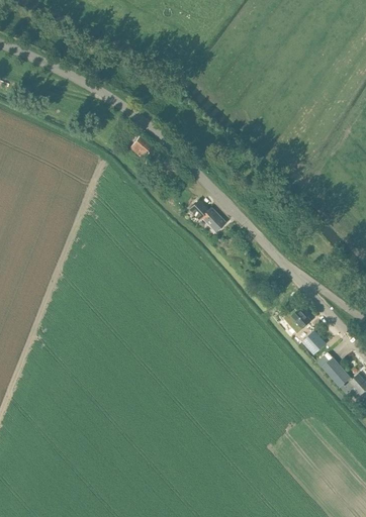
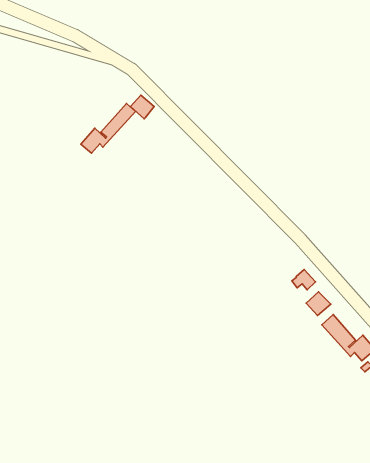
building: none -> [81,103,135,153]
building: [189,198,225,231] -> none

